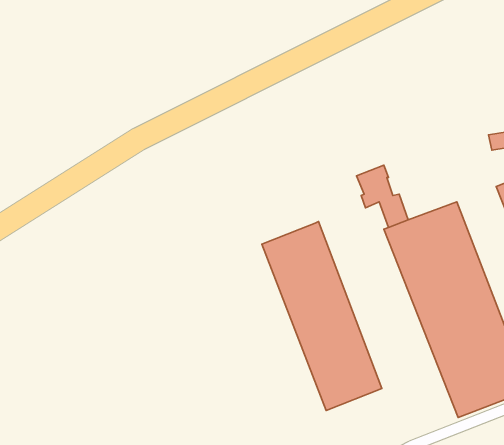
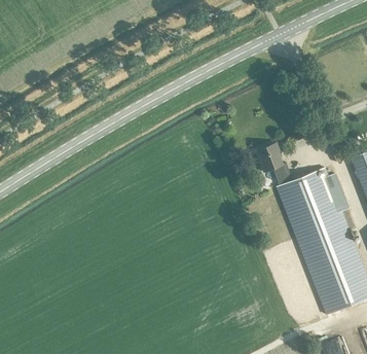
building: [262,222,382,410] -> none

